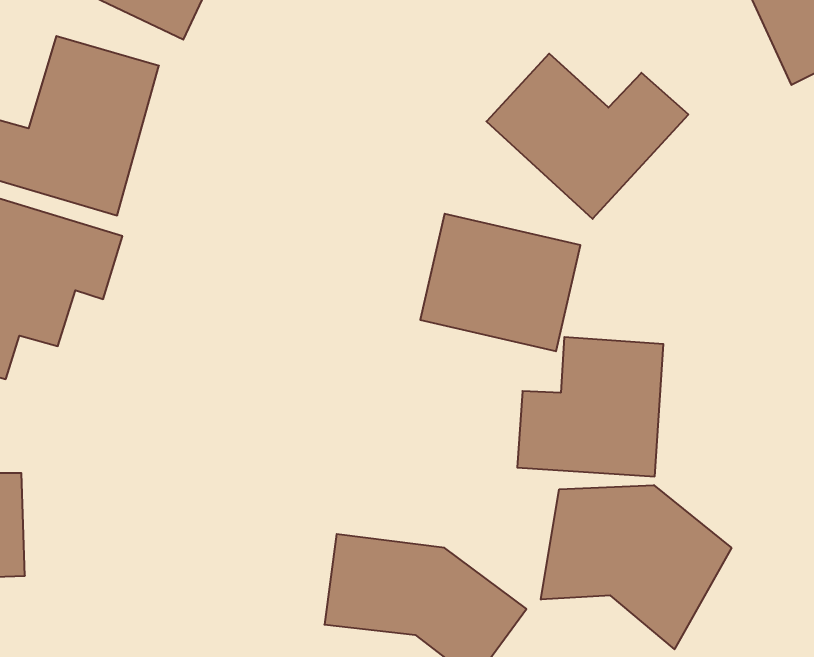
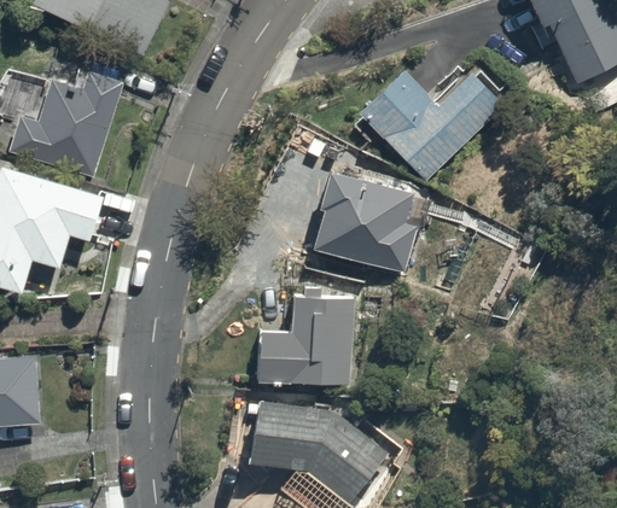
building: [517,337,663,476] -> [254,293,355,390]
building: [541,485,731,649] -> none

